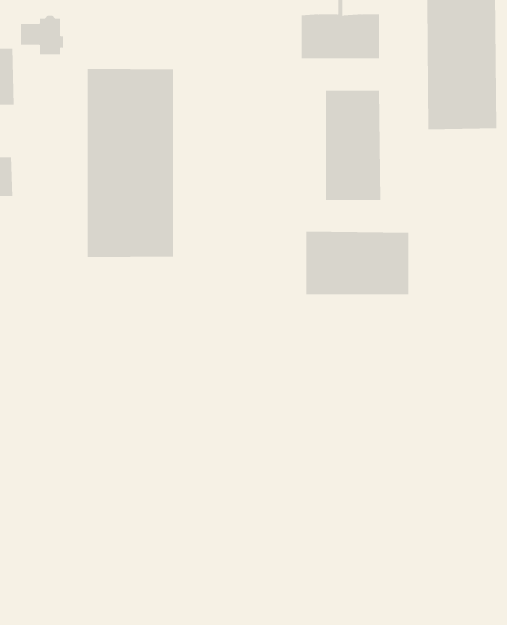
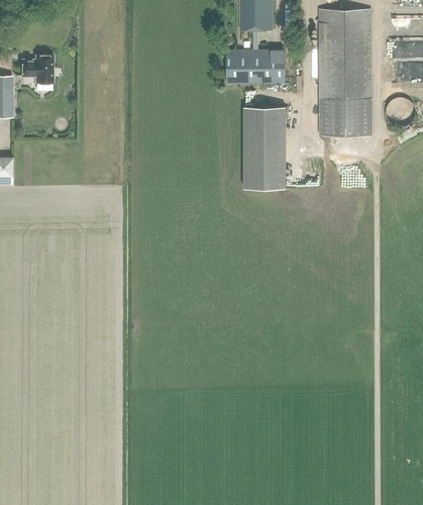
building: [87,68,173,258] -> none
building: [306,231,409,295] -> none

